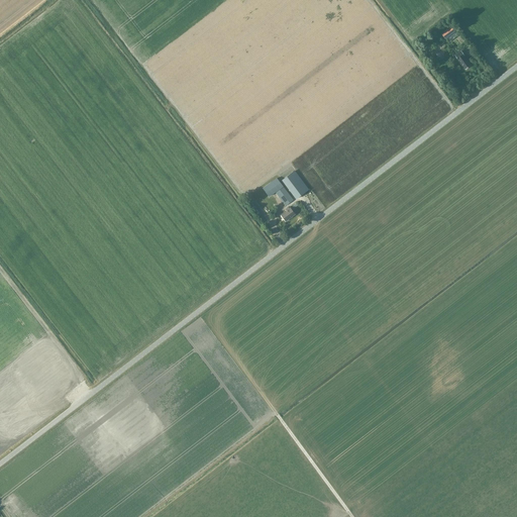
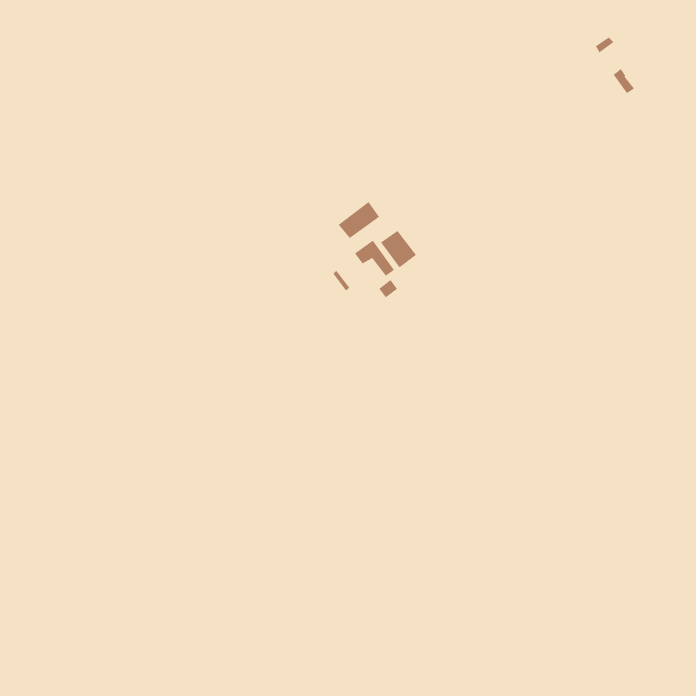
building: none -> [338,201,380,239]

